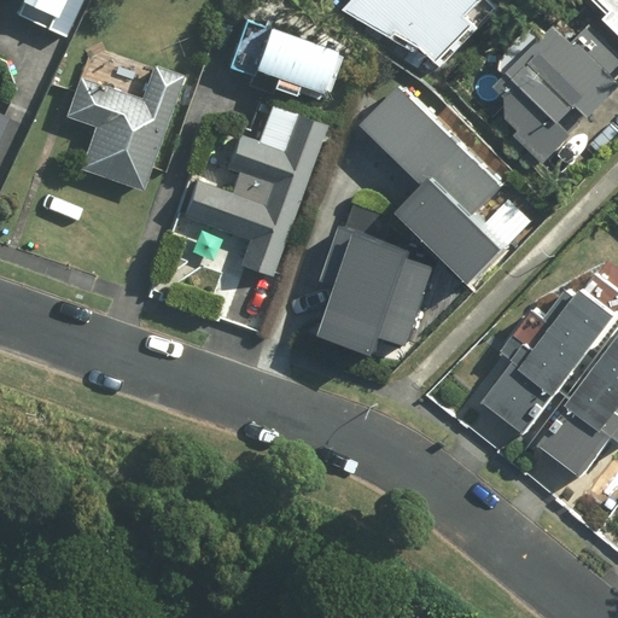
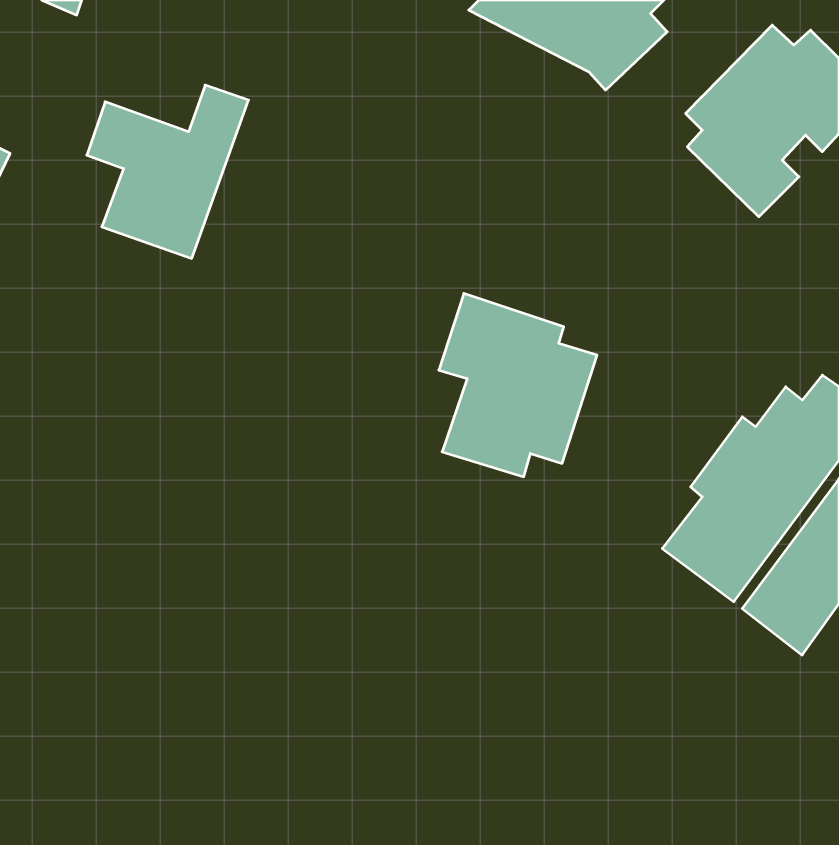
building: [253,25,334,95] -> none
building: [361,86,503,276] -> none
building: [180,105,323,278] -> none

